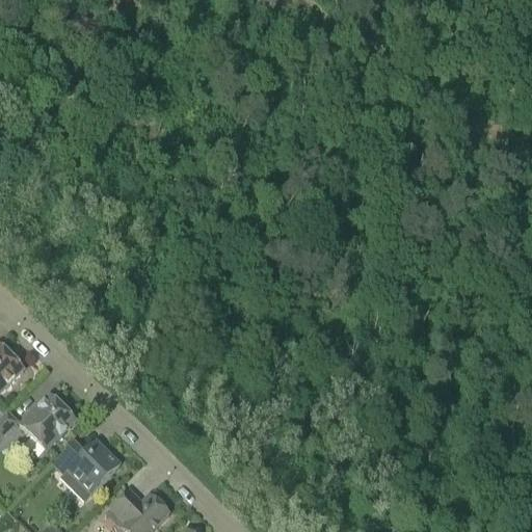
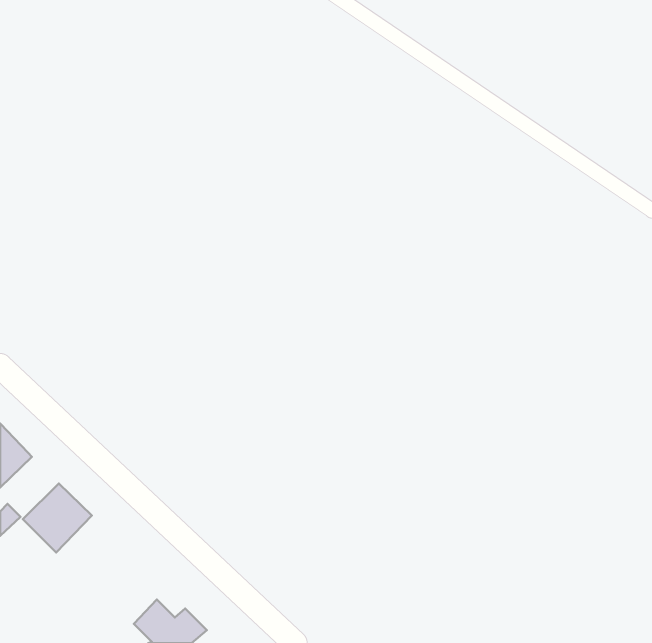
building: [52,440,119,494] -> none

